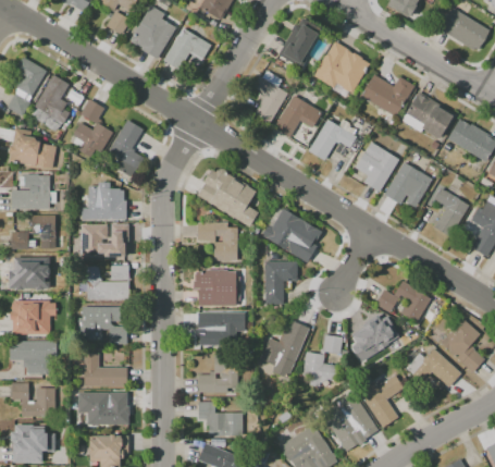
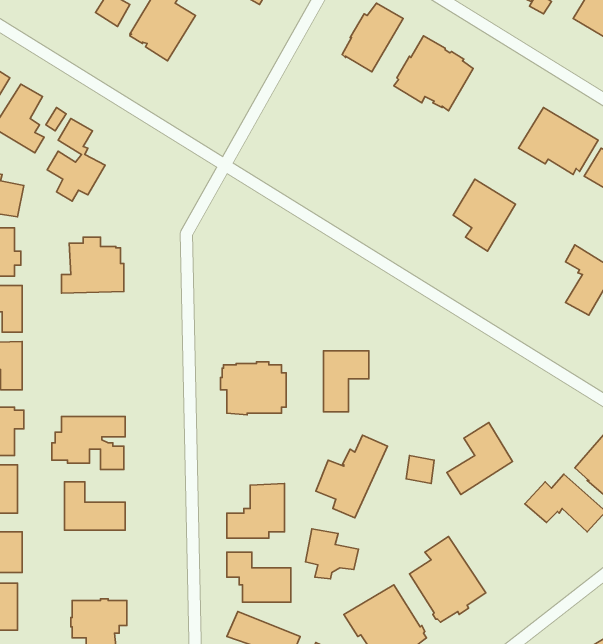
building: [163,27,210,69] -> none
building: [360,74,414,116] -> none
building: [251,79,287,124] -> none
building: [273,95,321,137] -> none
building: [108,119,143,176] -> none
building: [308,119,356,160] -> none
building: [383,152,431,204] -> none
building: [196,169,258,228] -> none
building: [262,206,321,262] -> none
building: [197,222,236,260] -> none
building: [83,224,126,259] -> none
building: [86,265,128,299] -> none
building: [375,281,430,321] -> none
building: [197,312,235,345] -> none
building: [301,352,338,386] -> [305,529,359,579]
building: [359,374,404,428] -> none
building: [78,392,126,426] -> none

